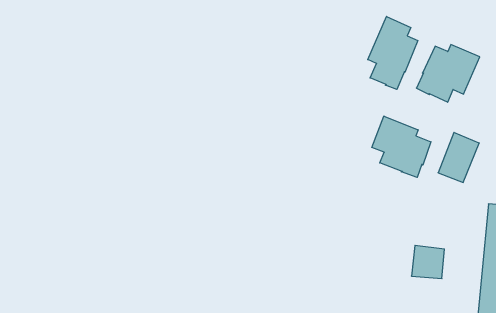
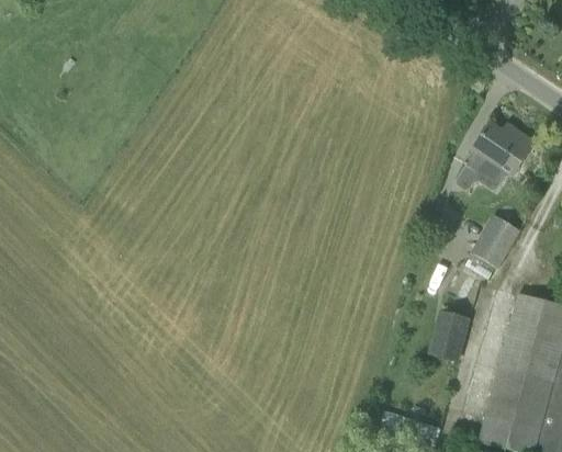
building: [368,16,418,89] -> none
building: [372,116,431,177] -> none

